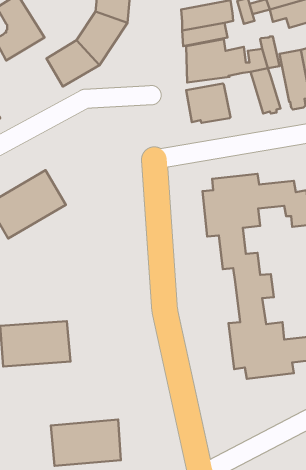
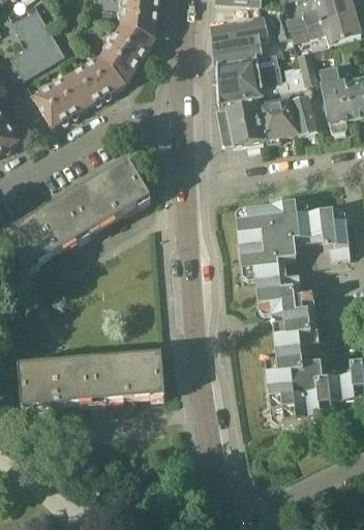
building: none -> [35,76,86,125]
building: none -> [259,90,299,143]
building: none -> [67,159,151,233]
building: [51,420,121,466] -> [90,352,165,402]

